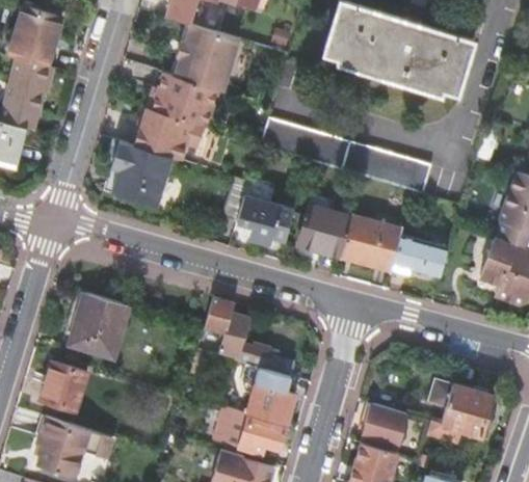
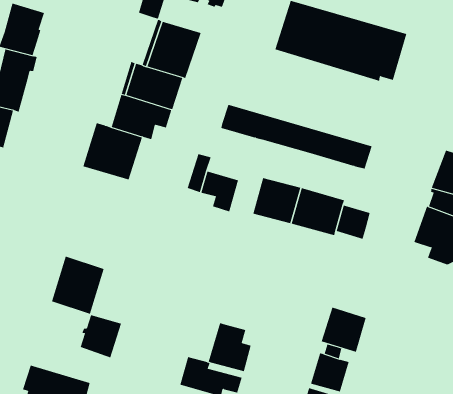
building: [204,297,295,377] -> none
building: [41,361,88,411] -> [80,314,122,358]
building: [440,383,492,435] -> [321,307,366,353]

